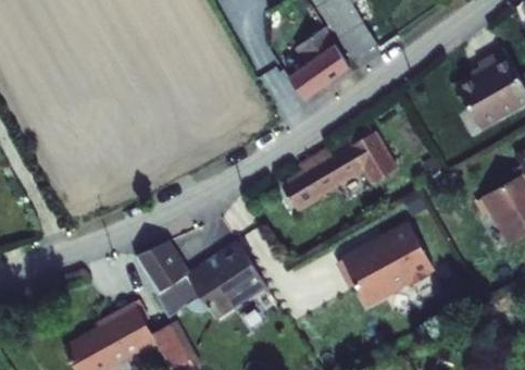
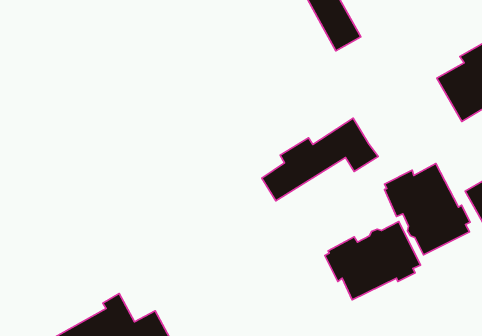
building: [289,29,348,98] -> none
building: none -> [384,163,470,255]
building: [138,237,273,317] -> none

